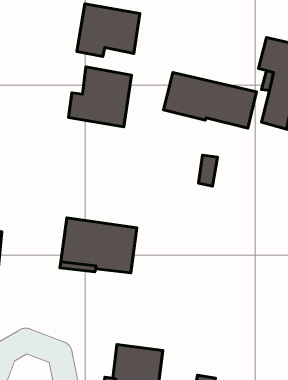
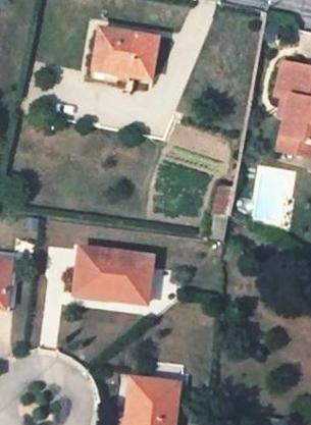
building: [69,67,132,127] -> none
building: [164,73,256,128] -> none

